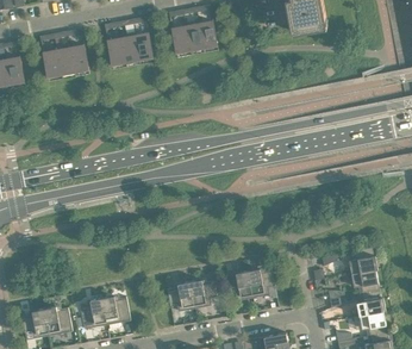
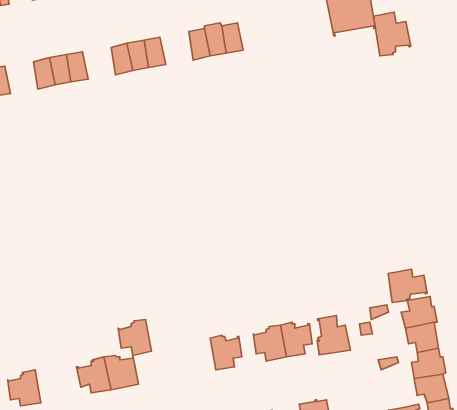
building: none -> [373,12,411,56]
building: none -> [388,269,427,302]
building: none -> [317,316,351,355]
building: [167,281,194,311] -> [118,319,151,355]
building: [44,306,71,335] -> none

